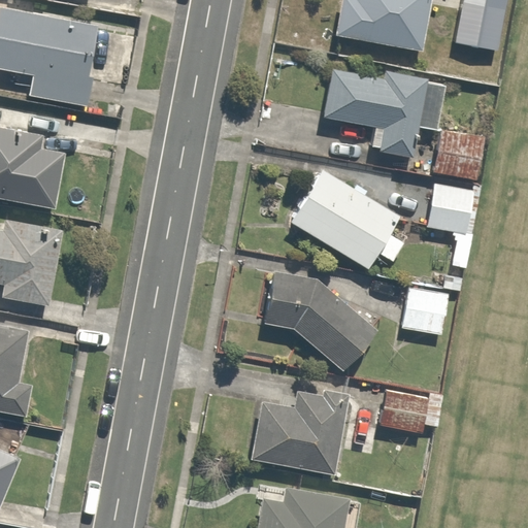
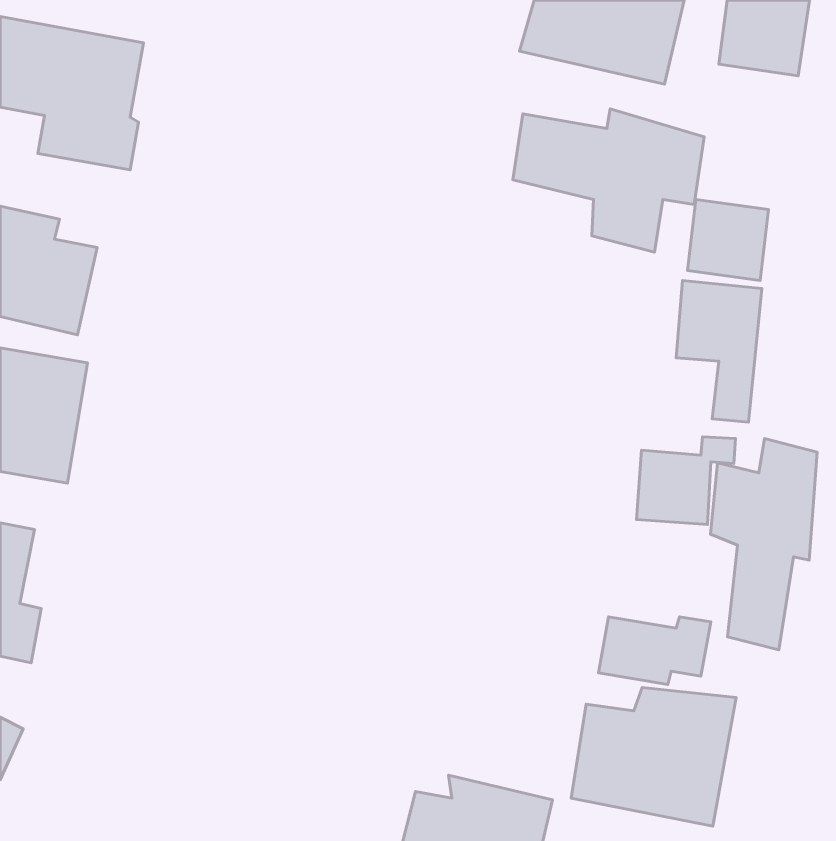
building: [288,169,404,270] -> none
building: [264,273,378,372] -> none
building: none -> [710,438,817,650]
building: [249,390,352,476] -> [571,688,736,826]

